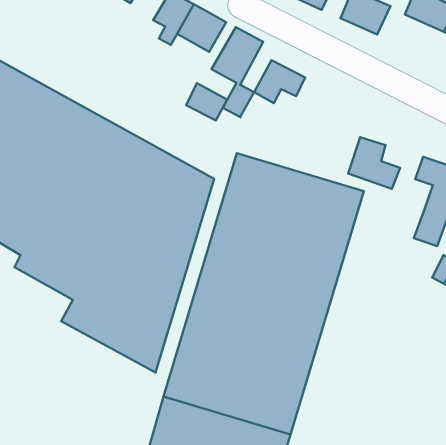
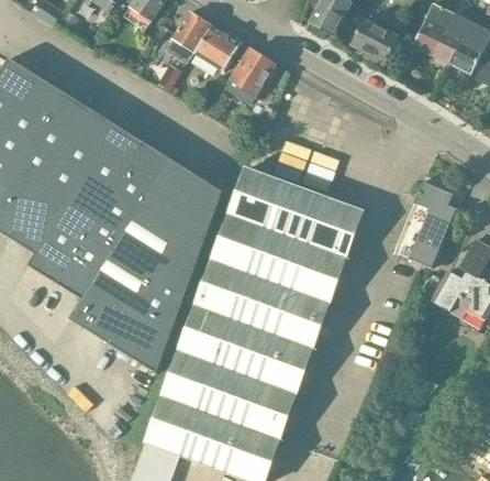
building: [254,60,305,103] -> none
building: [186,83,227,121] -> none
building: [348,137,400,189] -> none

